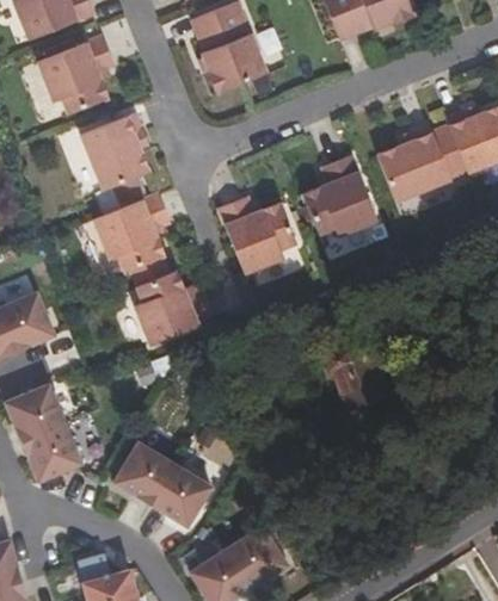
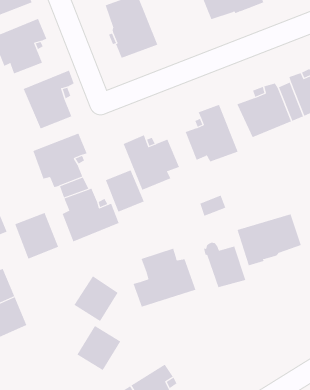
building: none -> [105,170,144,213]
building: none -> [15,212,59,259]
building: none -> [237,213,301,266]
building: none -> [133,248,196,308]
building: [115,438,177,502] -> [74,275,118,322]

